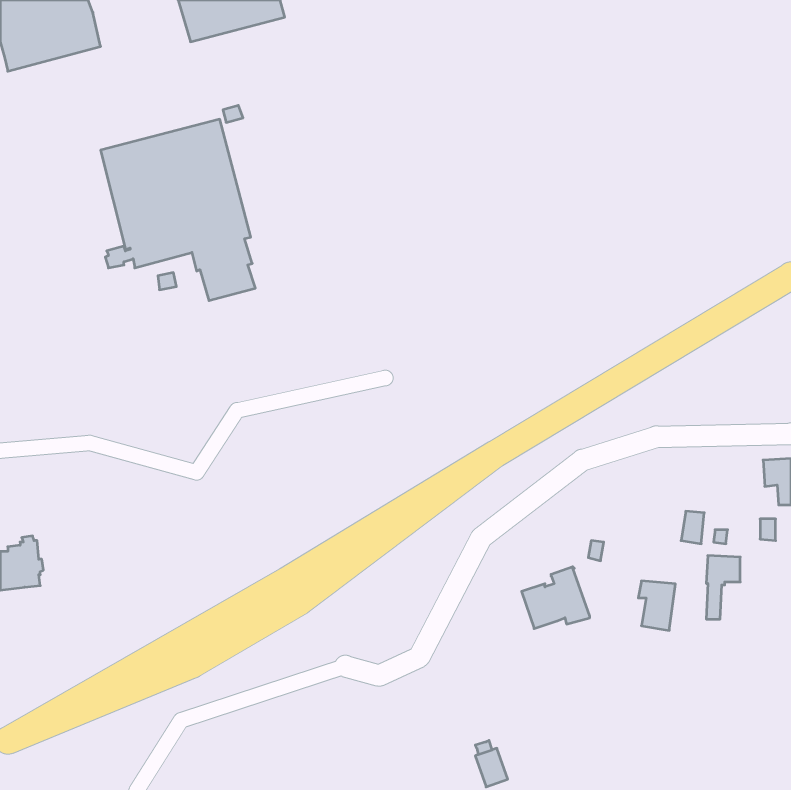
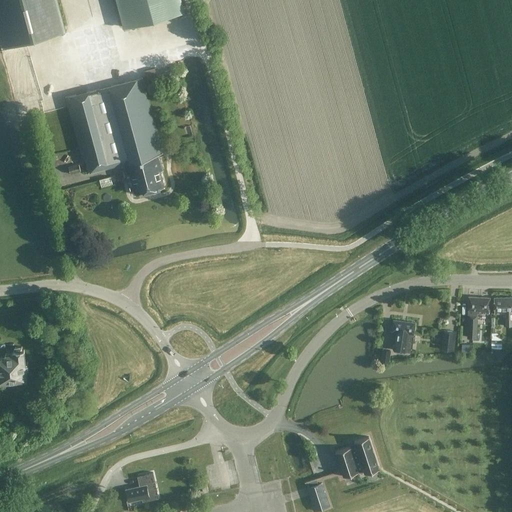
building: [706,556,740,619] -> [467,297,489,338]
building: [522,567,590,629] -> [335,437,379,477]
building: [638,581,675,630] -> [391,321,415,353]
building: none -> [126,473,158,503]

